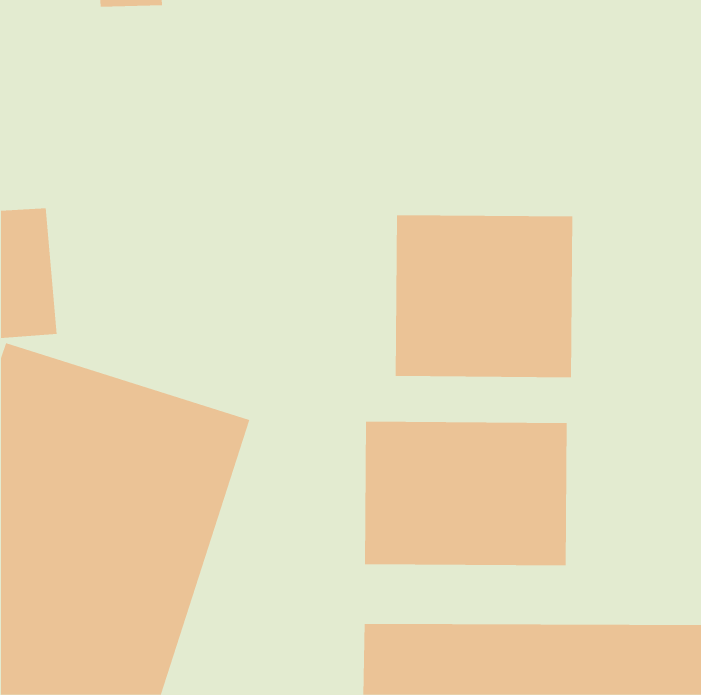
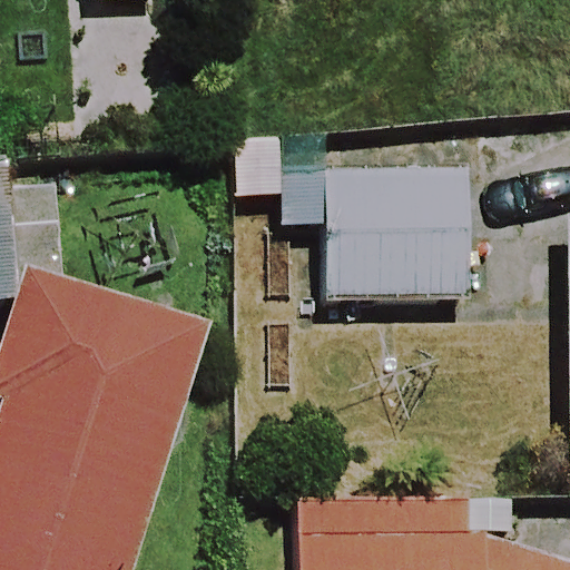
building: [364,421,567,566] -> none

